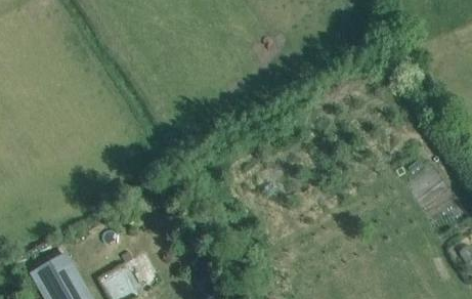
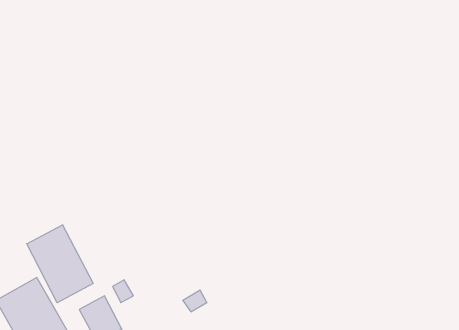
building: none -> [27,225,93,303]

